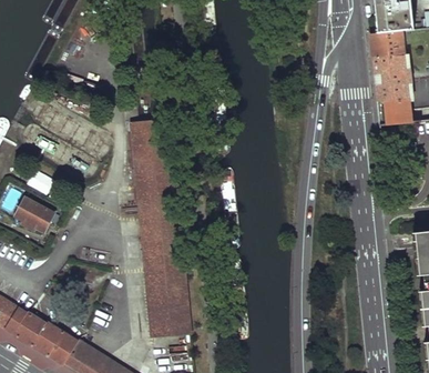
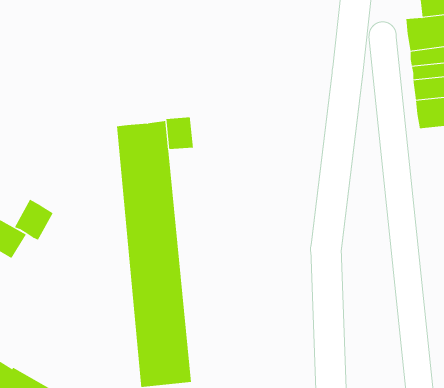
building: none -> [166,117,193,150]
building: none -> [14,199,54,241]

